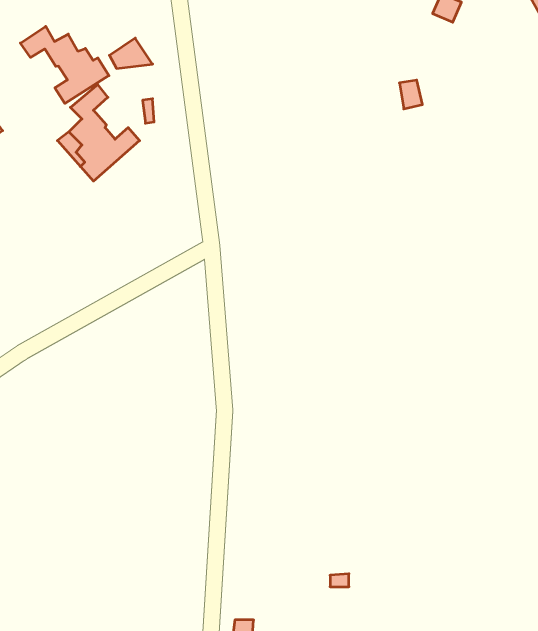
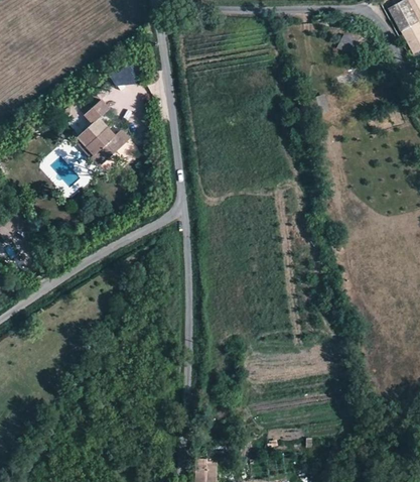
building: [20,26,109,103] -> none

